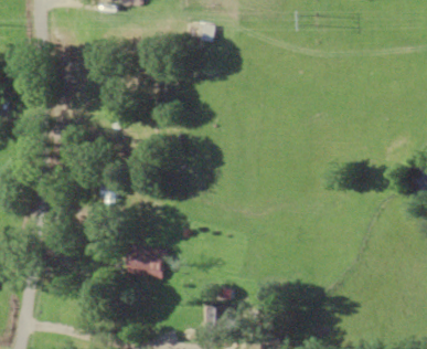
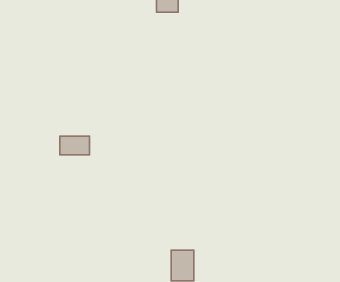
building: [126,245,164,281] -> none

